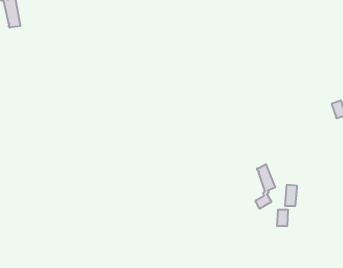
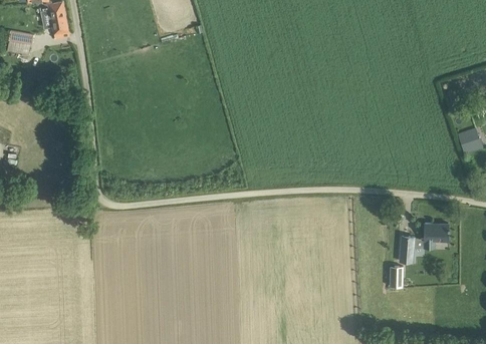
building: [256,164,275,209] -> none
building: none -> [424,224,447,249]

